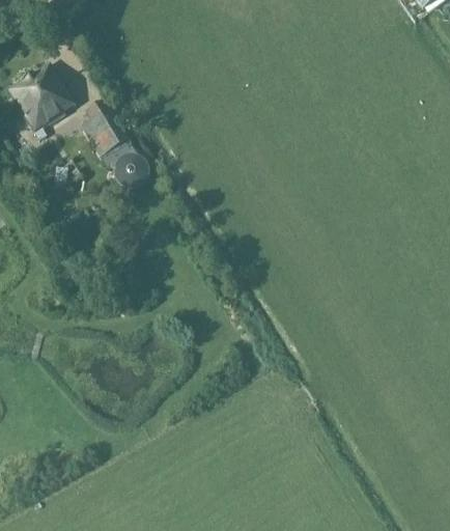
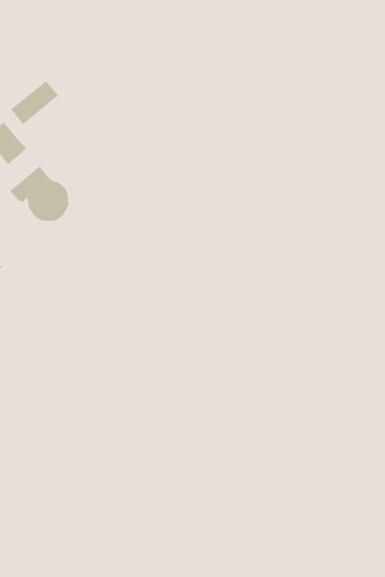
building: none -> [11,80,59,125]

